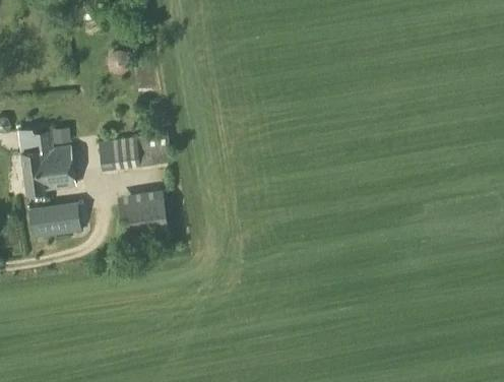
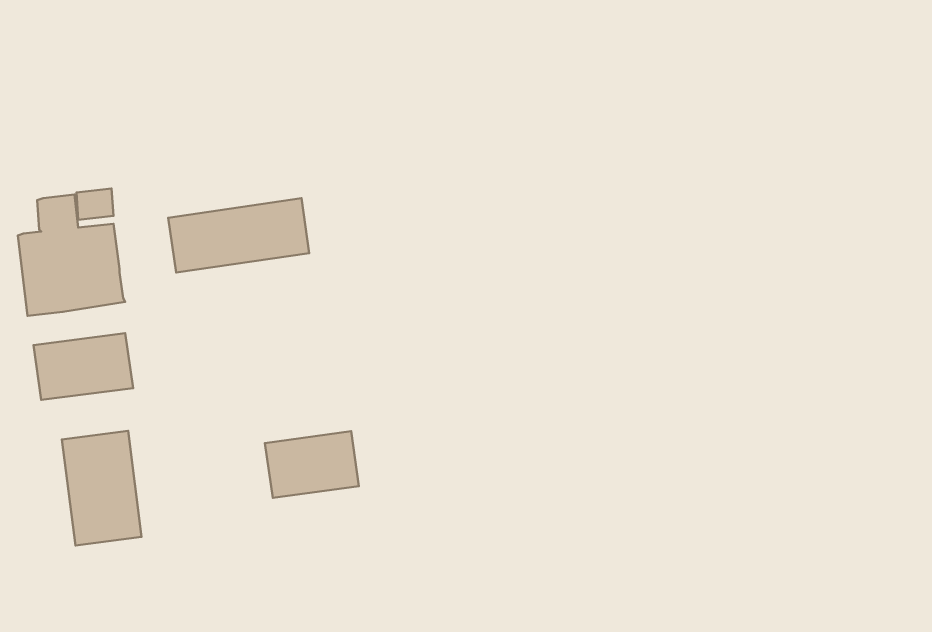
building: [119,198,168,233] -> [265,431,359,498]
building: none -> [62,431,142,545]

